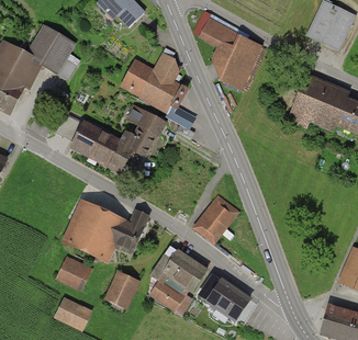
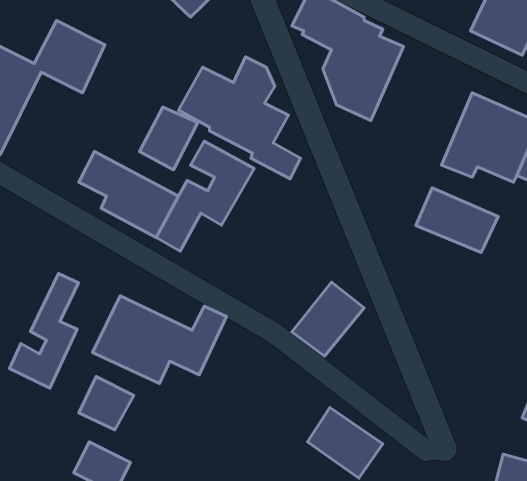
building: none -> [139,107,198,170]
building: none -> [416,188,498,252]
building: none -> [9,274,78,388]
building: [152,245,208,308] -> none
building: [102,272,136,309] -> none

